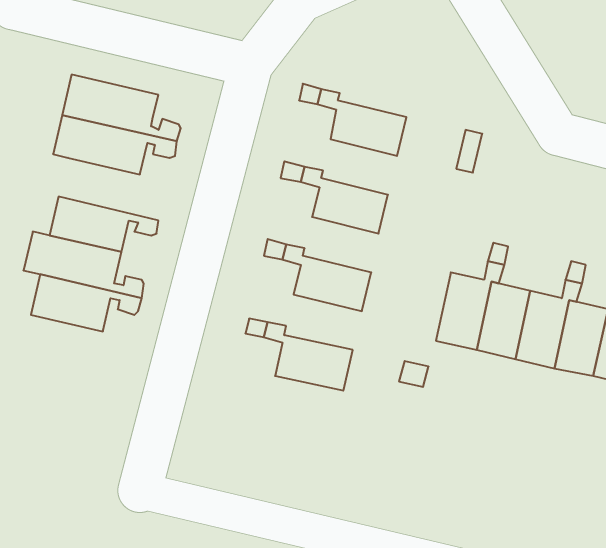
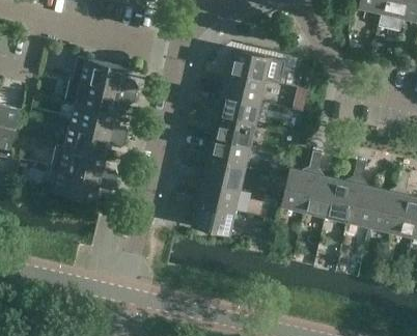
building: none -> [226,49,287,85]
building: none -> [217,93,259,124]
building: none -> [70,104,128,139]
building: none -> [206,137,249,168]
building: none -> [196,180,240,212]

